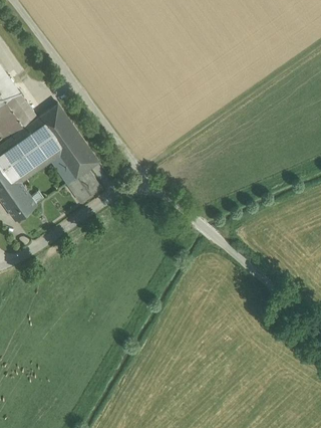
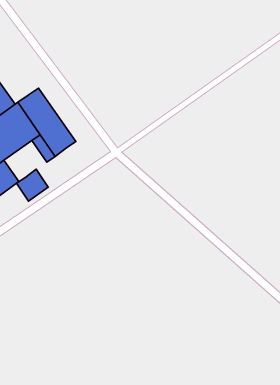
building: [67,168,101,202] -> [16,169,48,201]

